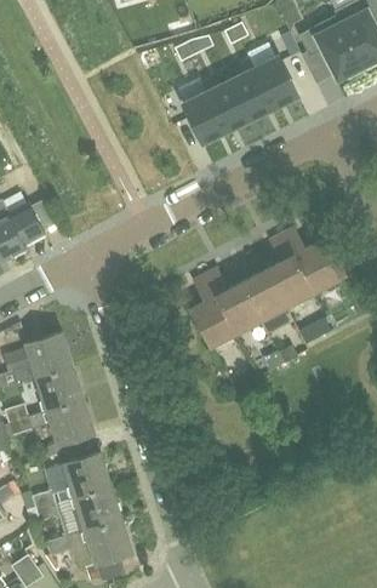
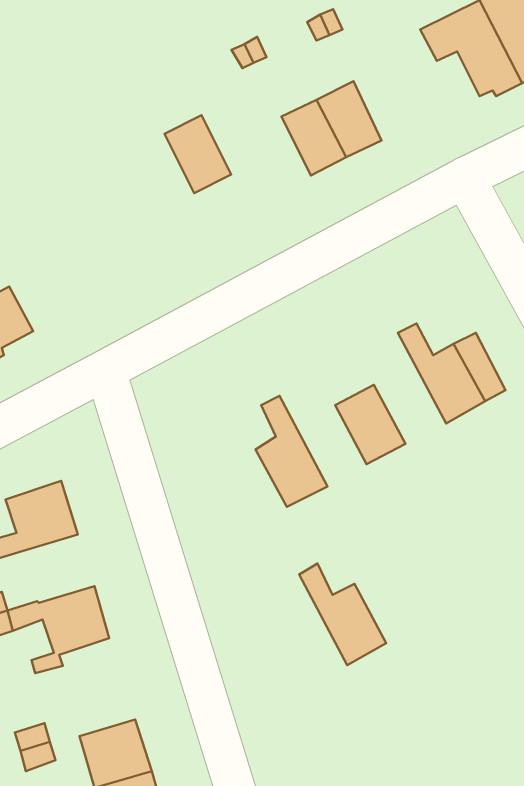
building: [253,57,297,108] -> none
building: [182,92,225,143] -> [164,115,231,193]
building: [267,234,314,307] -> none
building: [205,268,262,335] -> [299,563,386,665]
building: [36,366,84,411] -> none
building: [63,452,110,498] -> none

